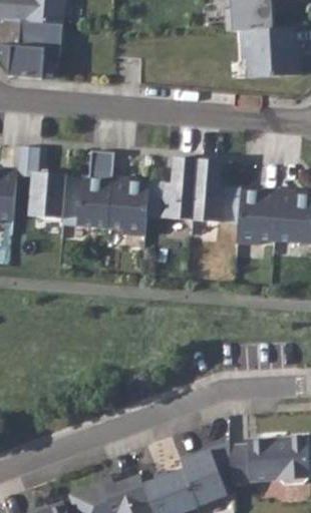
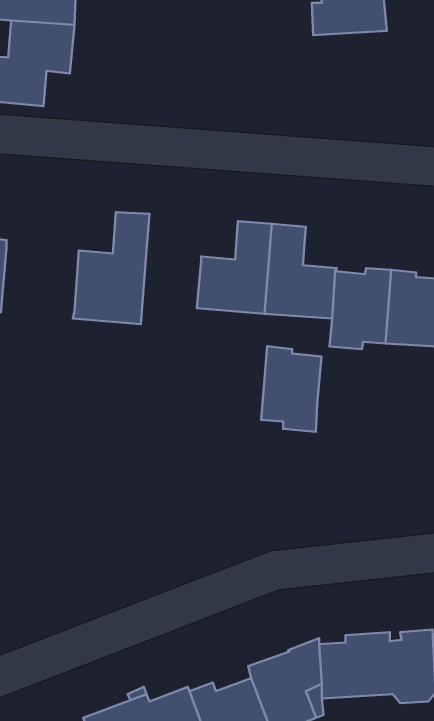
building: [240,28,301,78] -> none
building: [16,146,65,218] -> none
building: [107,177,148,235] -> [261,346,322,432]

